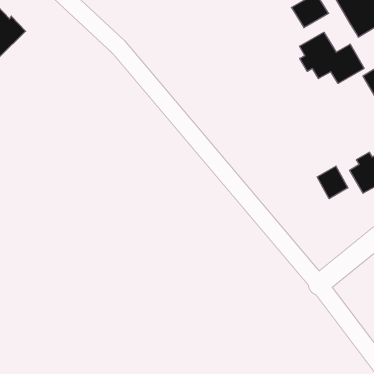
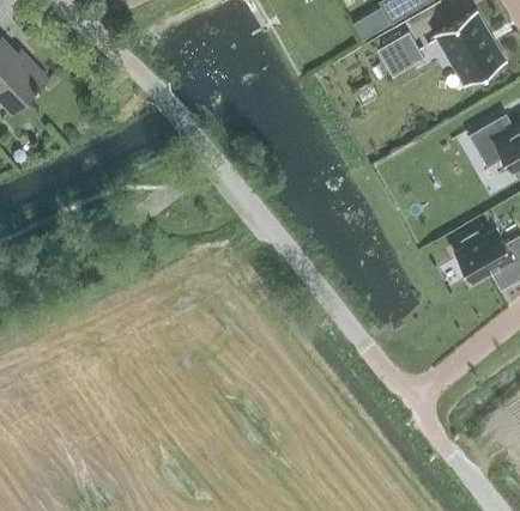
building: [300,32,364,83] -> none
building: [317,166,348,199] -> none

